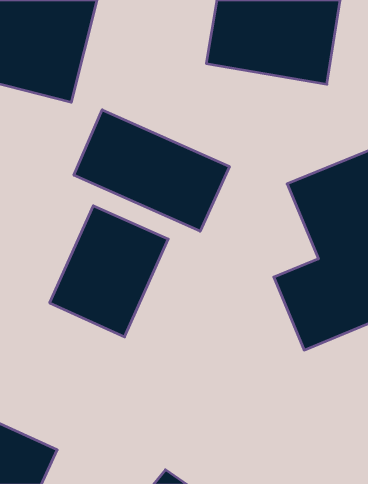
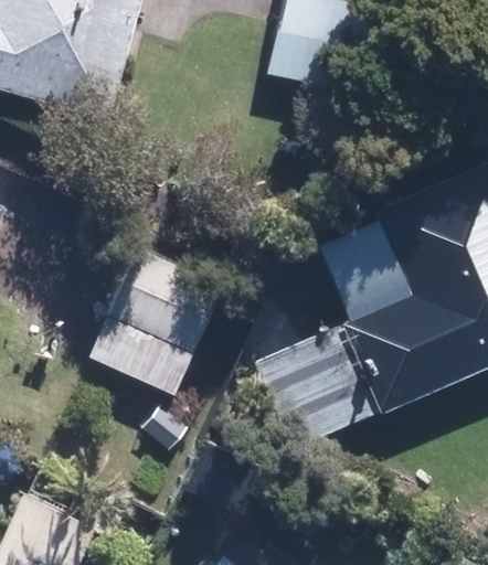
building: [74,110,229,231] -> none
building: none -> [253,330,370,451]

